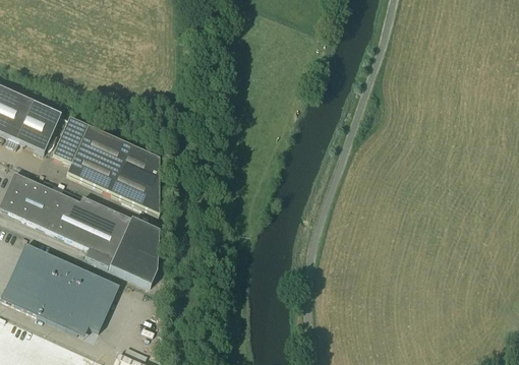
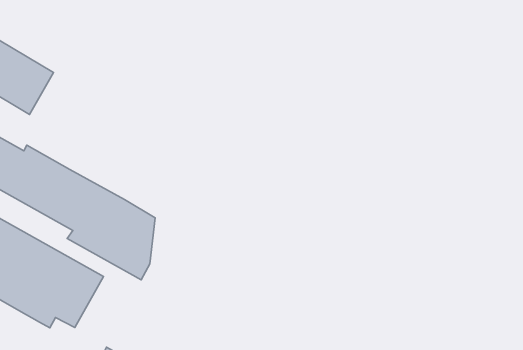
building: [52,117,159,212] -> none

